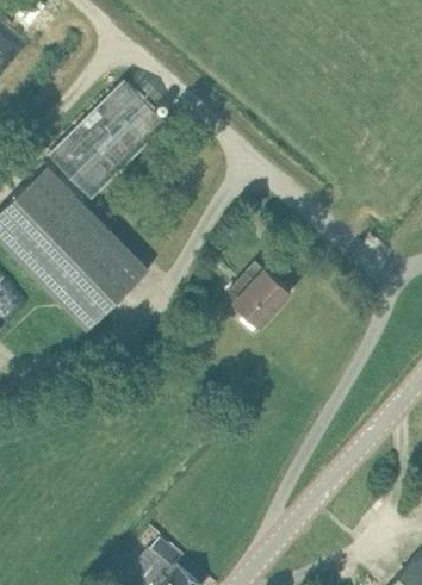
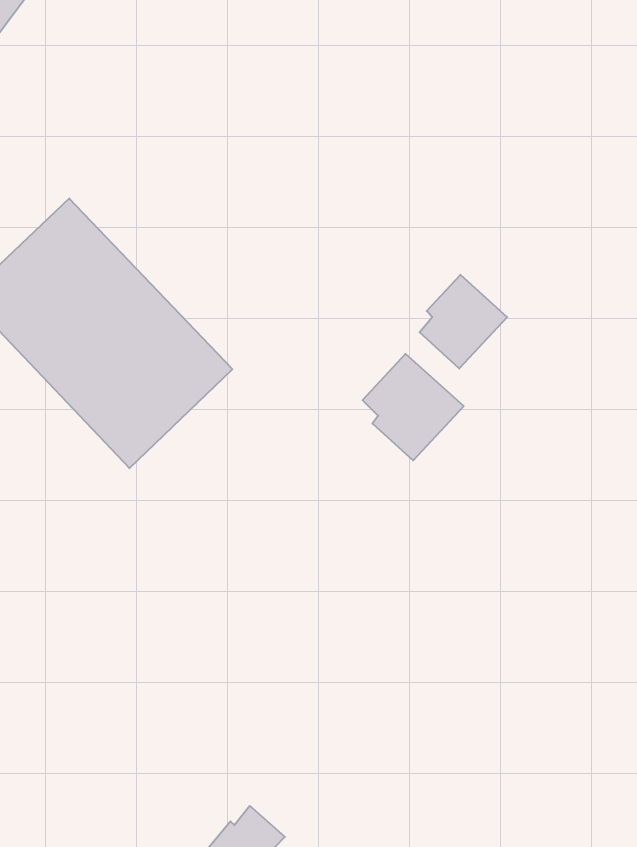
building: [48,79,168,199] -> none
building: none -> [420,275,507,369]

